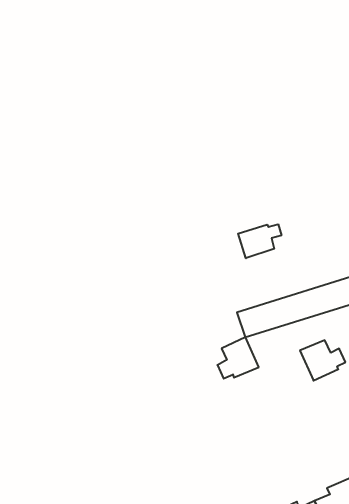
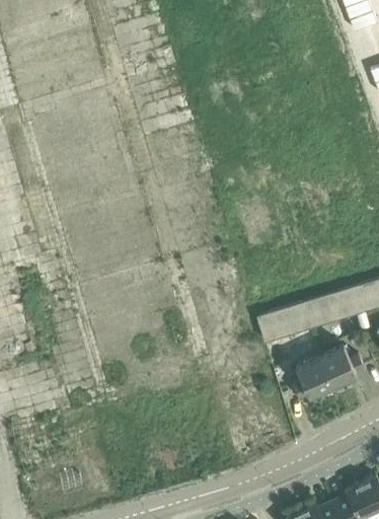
building: [238,224,281,258] -> none
building: [217,337,259,379] -> [292,355,332,395]

